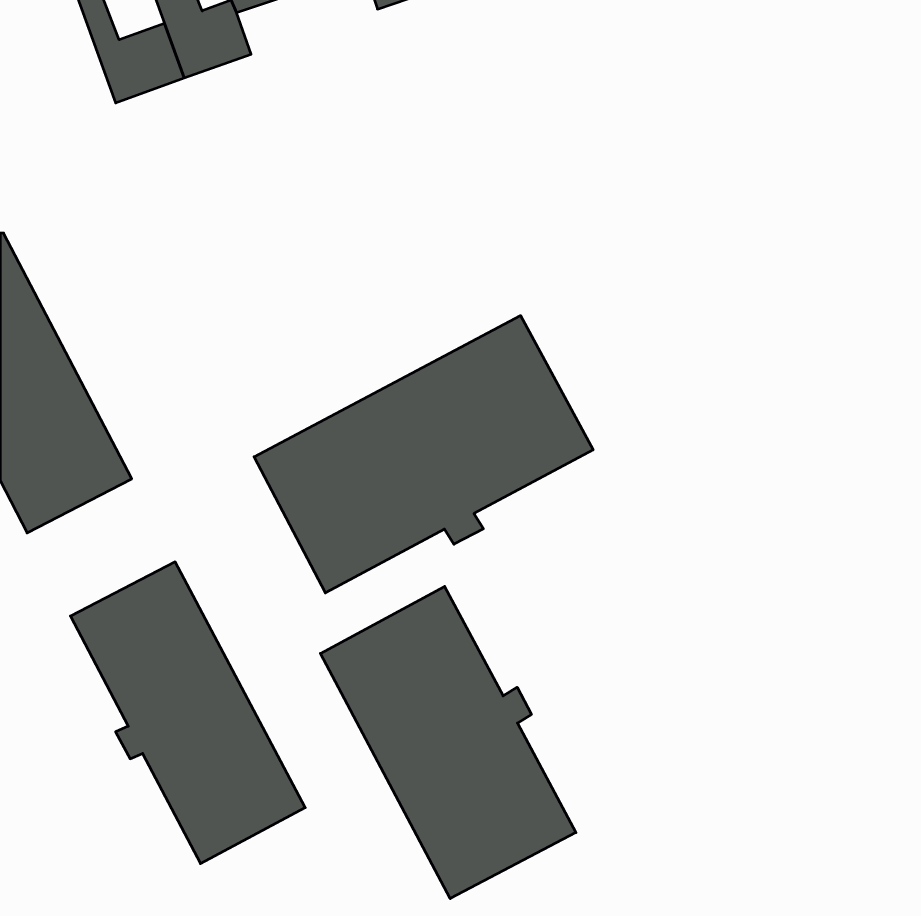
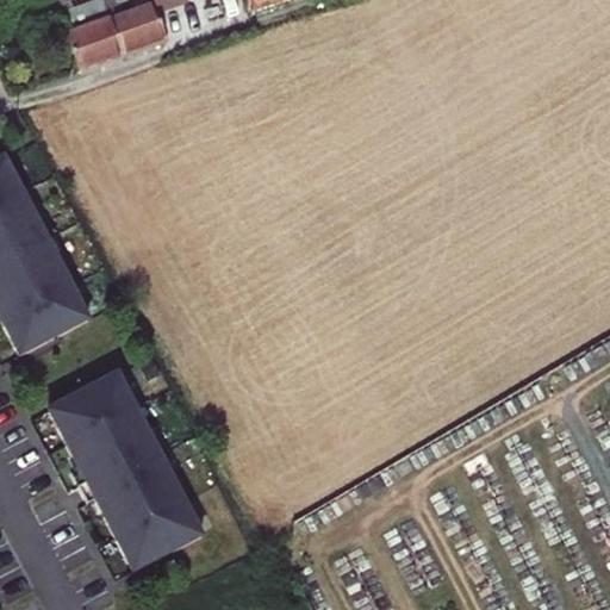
building: [254,316,593,593] -> none
building: [320,586,576,899] -> none

